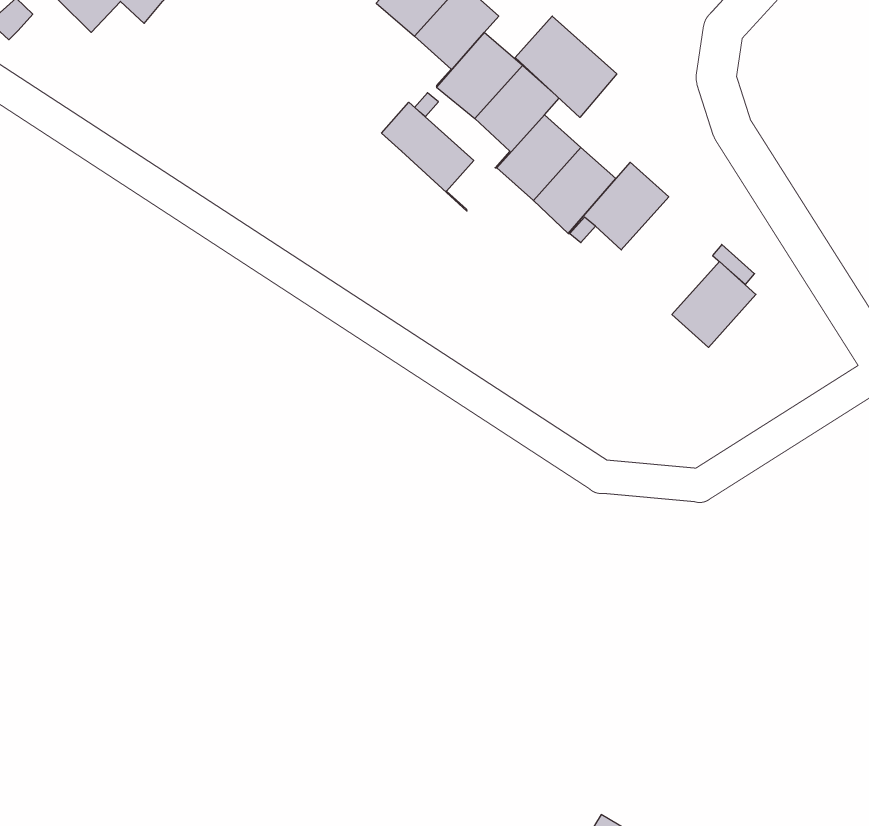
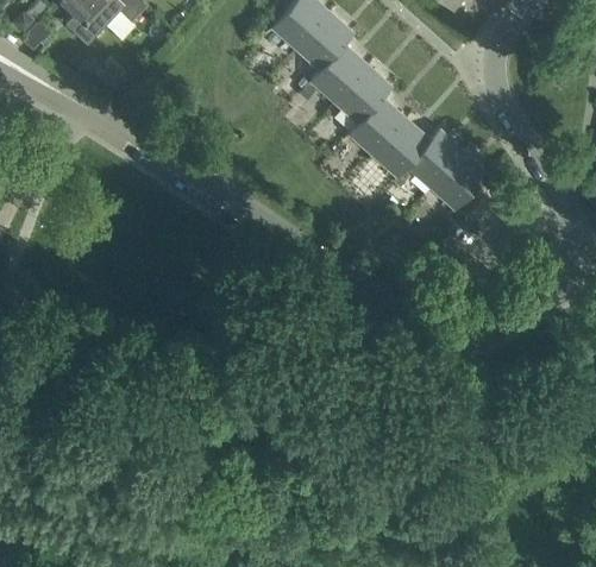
building: [515,16,617,117] -> none
building: [382,102,474,211] -> none
building: [672,262,756,347] -> [429,150,484,206]

